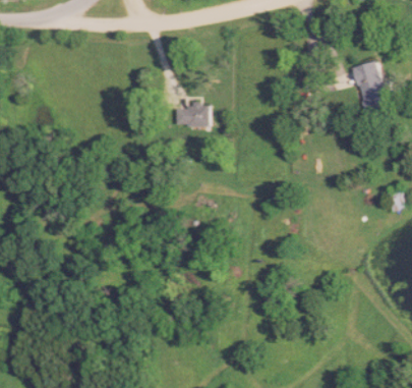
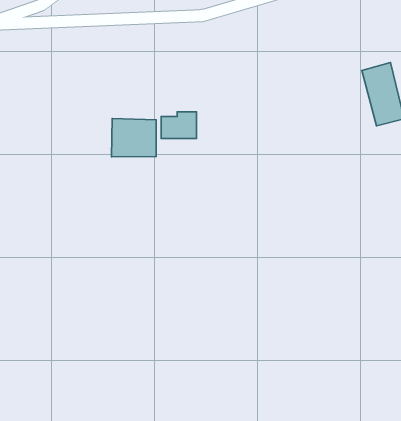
building: none -> [111,118,156,157]

